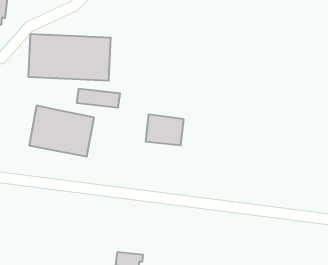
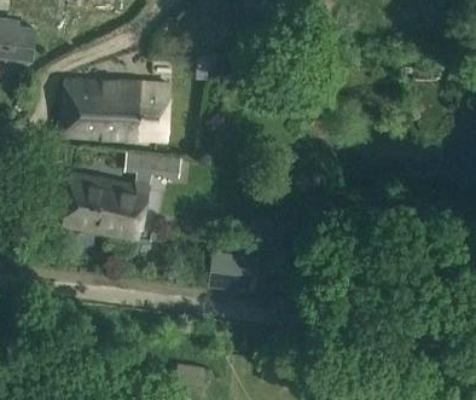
building: [146,115,184,145] -> [208,250,257,290]

